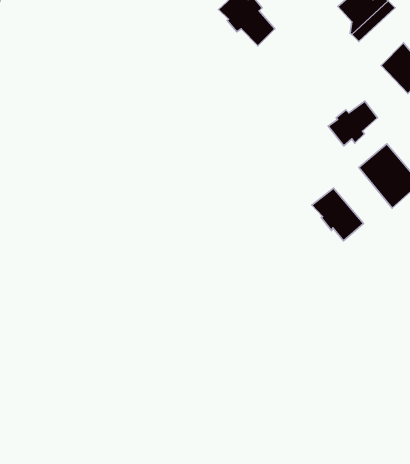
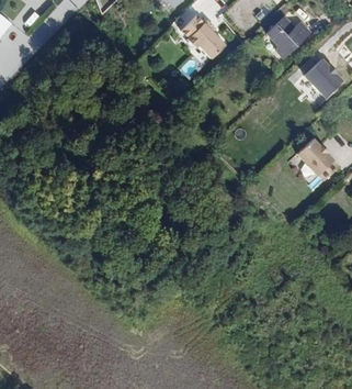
building: [328,101,377,146] -> none
building: [312,188,363,241] -> none

